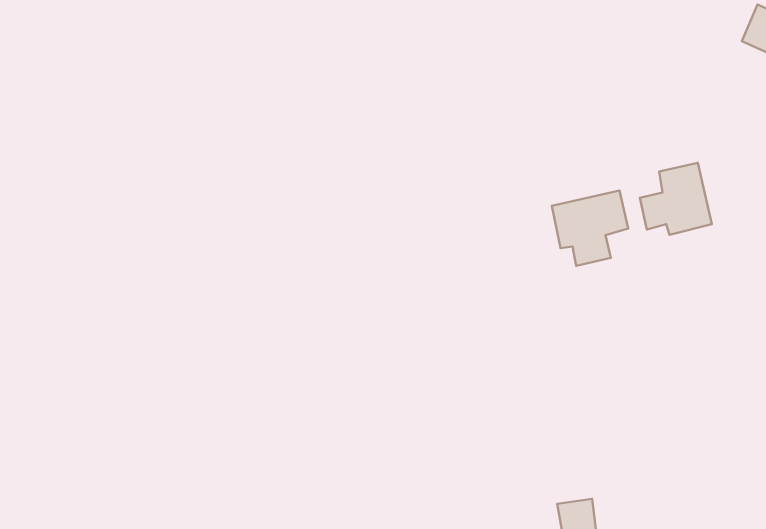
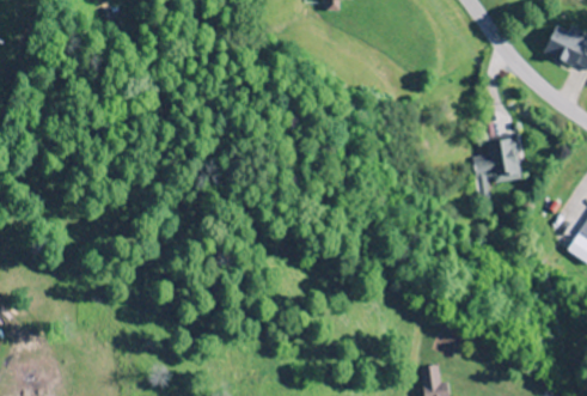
building: [552,190,628,266] -> none

